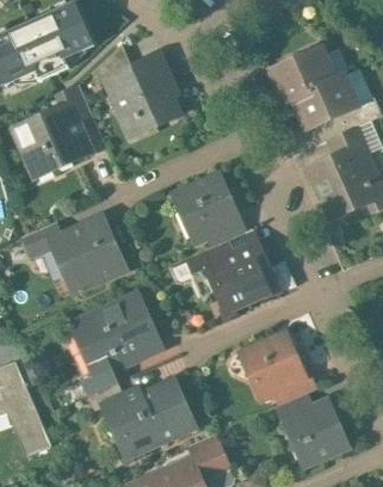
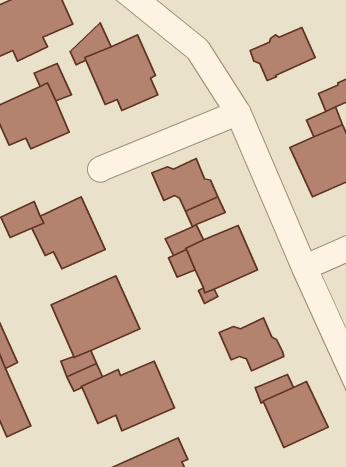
building: [295,74,357,129] -> none
building: [271,369,316,406] -> none
building: [192,433,230,479] -> none

